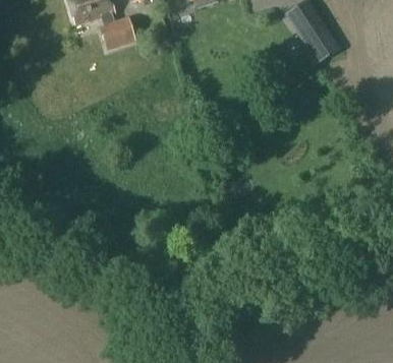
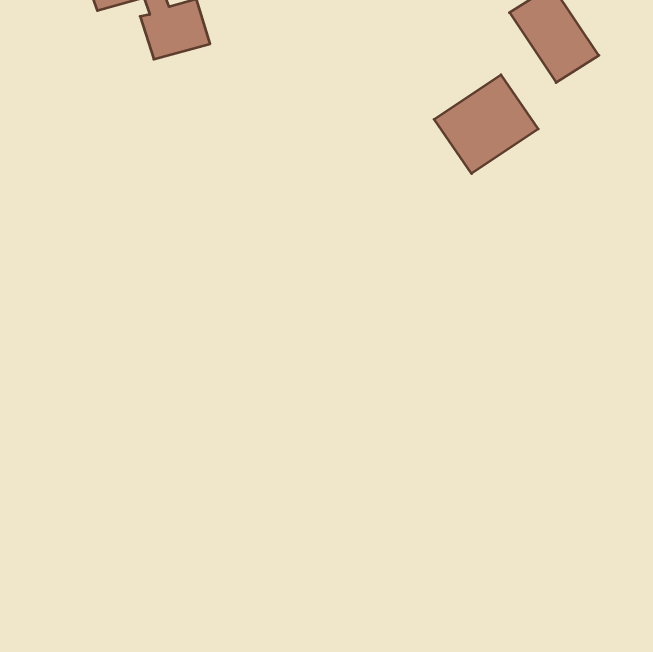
building: none -> [434,75,538,174]

